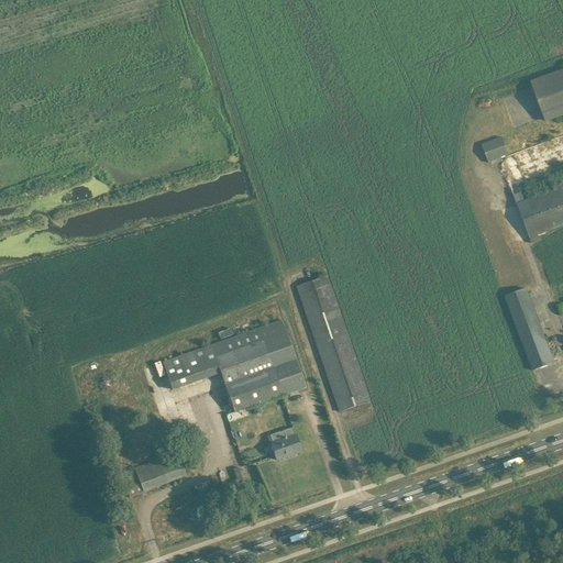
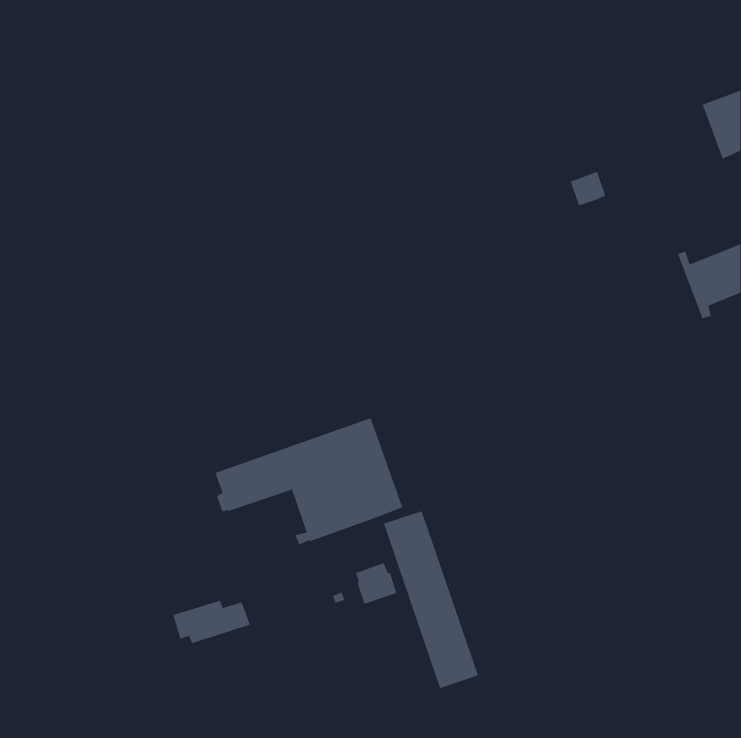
building: [482,135,509,162] -> [570,171,606,206]
building: [297,275,369,410] -> [383,510,479,689]
building: [506,287,554,368] -> none

